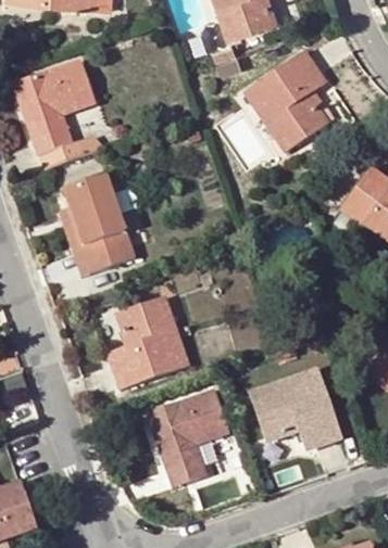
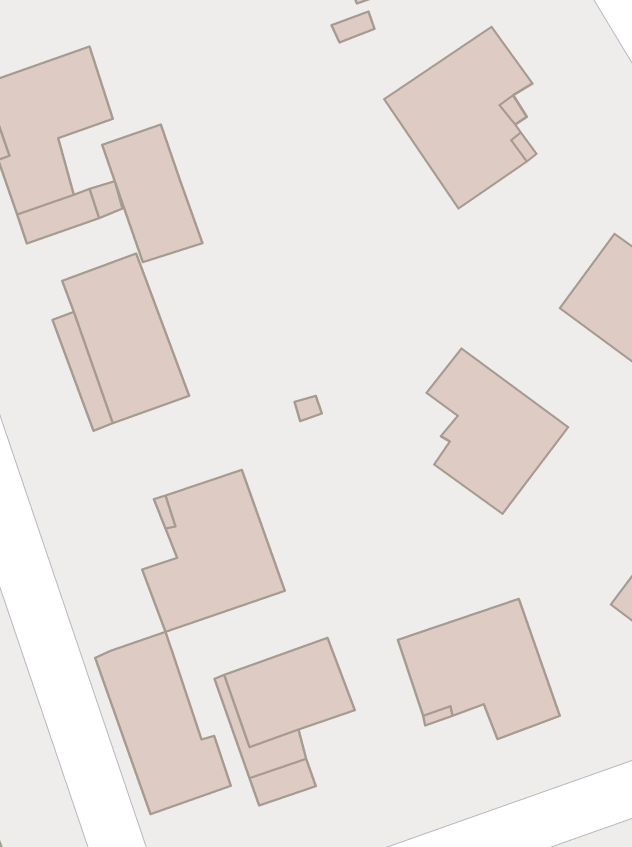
building: none -> [102,124,202,262]
building: none -> [426,349,568,514]
building: none -> [95,632,231,814]

